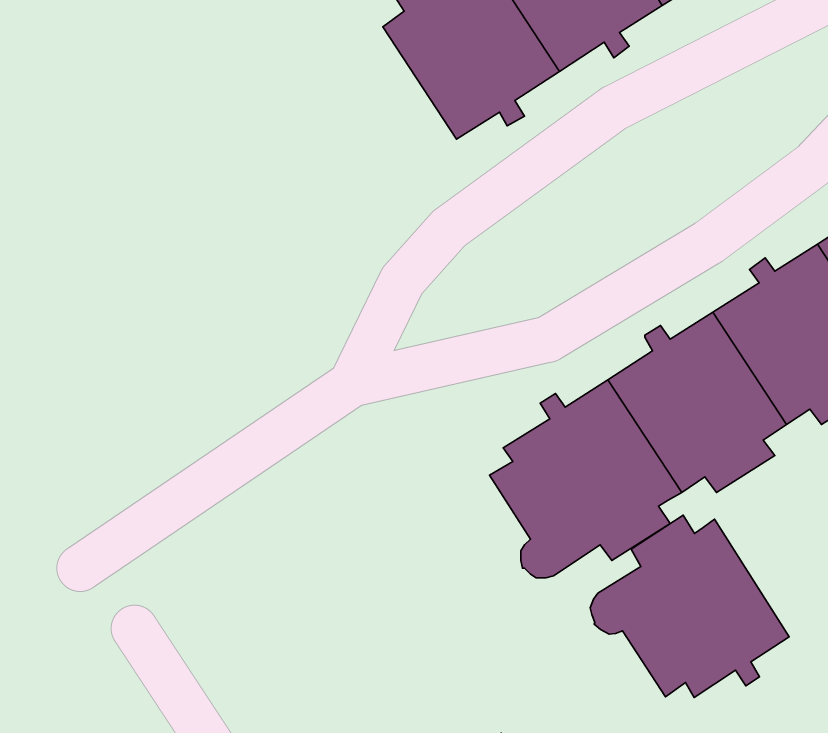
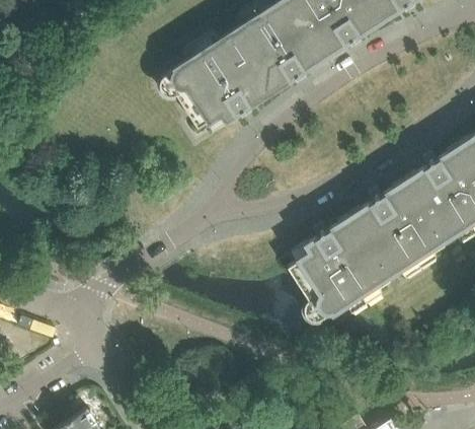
building: none -> [159,31,269,128]
building: [590,515,789,697] -> none

